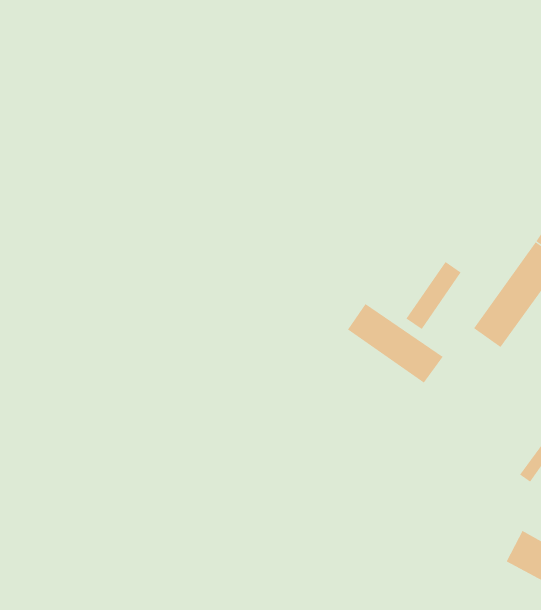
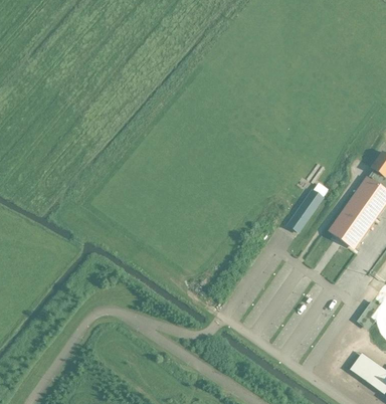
building: [347,303,444,384] -> none

